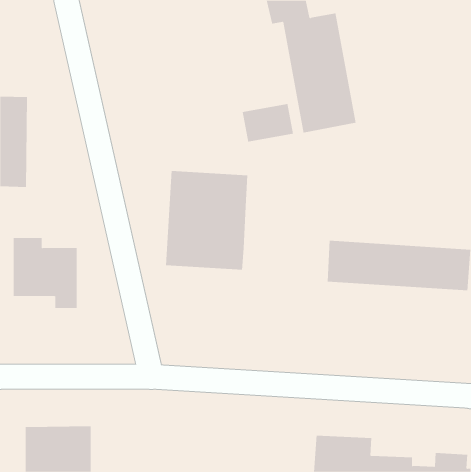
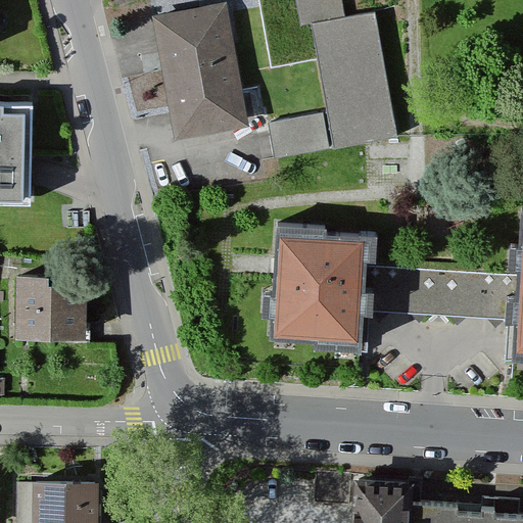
building: none -> [154,4,247,138]
building: [165,170,248,270] -> [274,226,366,336]

